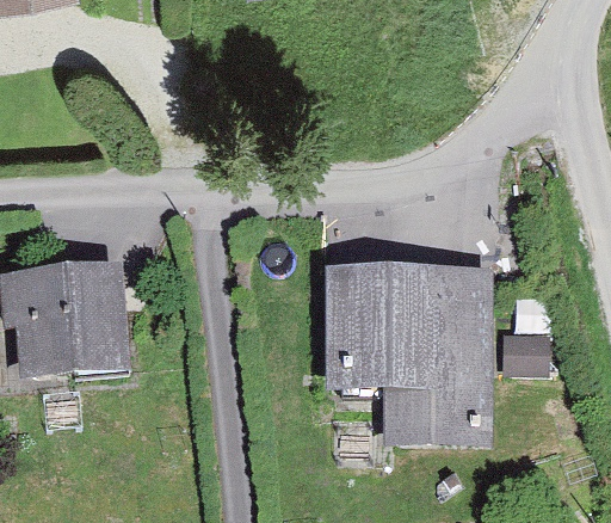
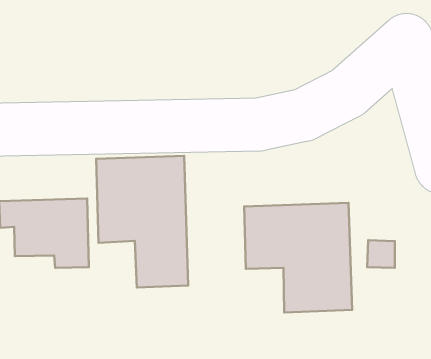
building: none -> [96,156,188,287]

